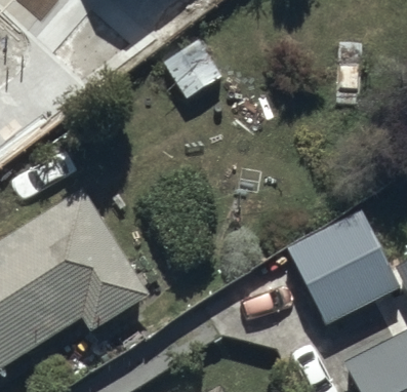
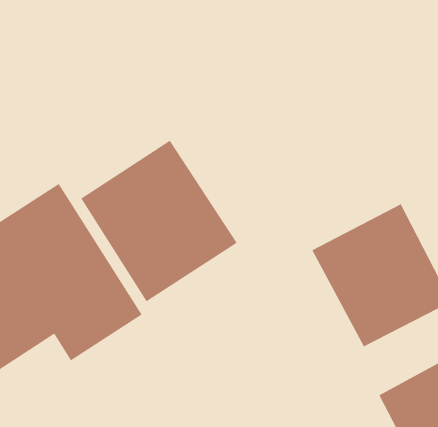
building: none -> [81,140,238,302]

